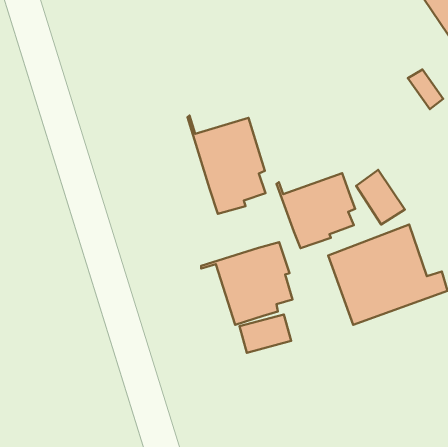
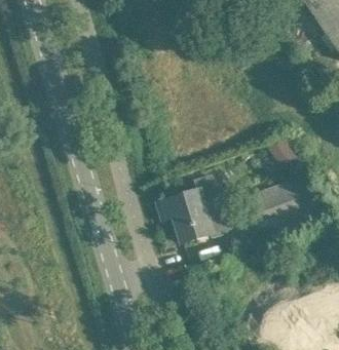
building: [187,115,266,214] -> none
building: [276,173,355,248] -> none

